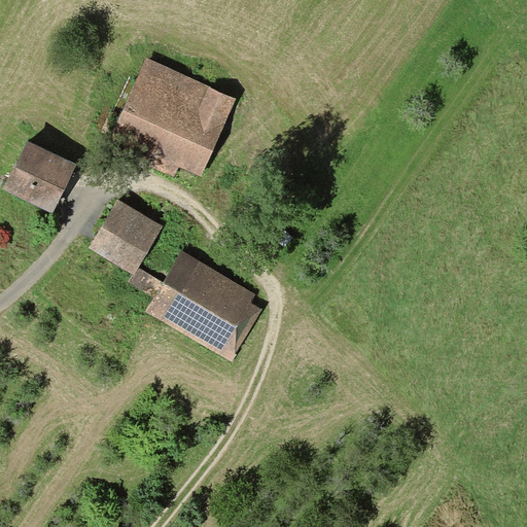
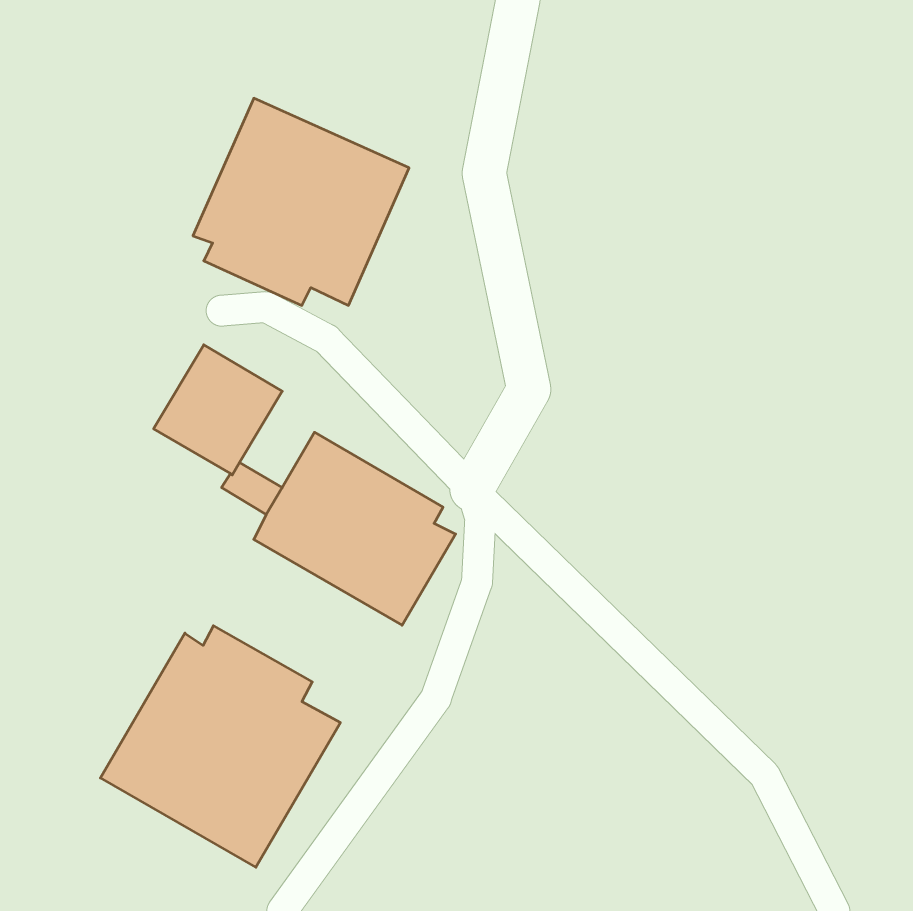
building: [5,139,76,211] -> none
building: none -> [100,626,340,867]

